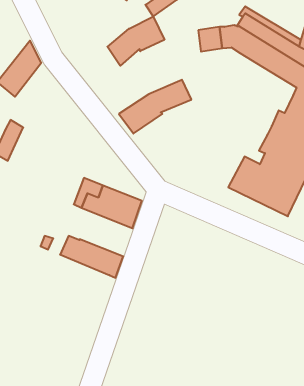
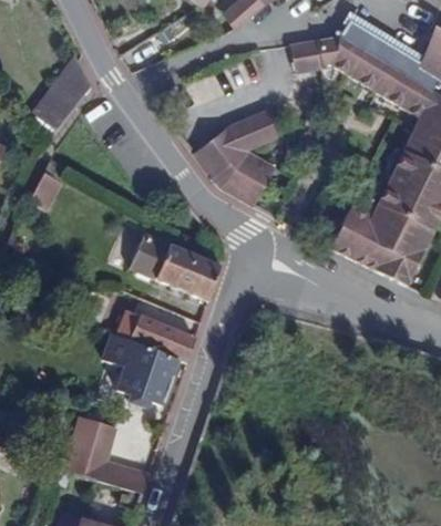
building: [107,17,164,66] -> none
building: none -> [208,151,275,206]
building: none -> [102,332,177,406]
building: none -> [64,414,147,493]

